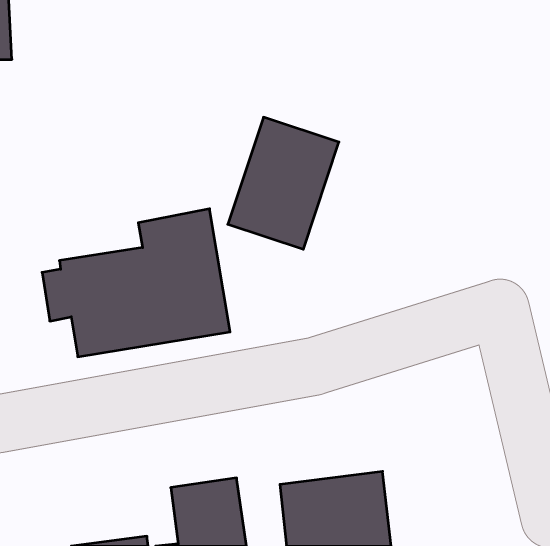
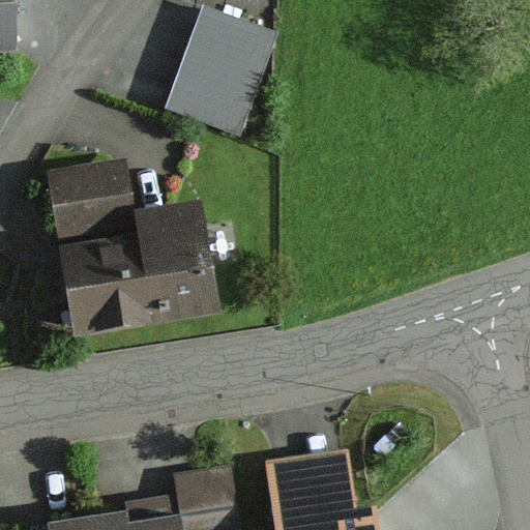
building: [228,117,339,249] -> [166,6,272,132]
building: none -> [45,159,137,249]

